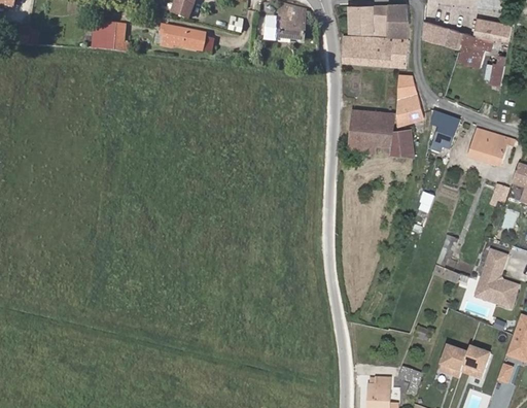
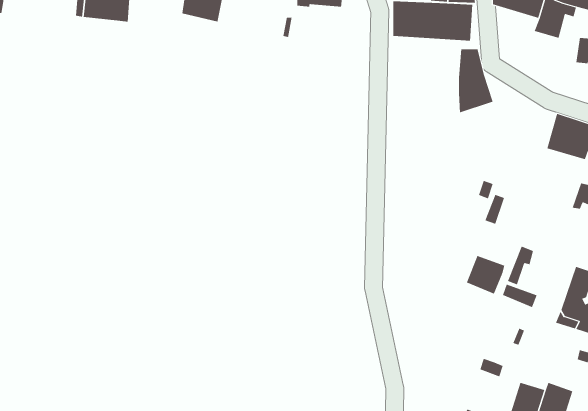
building: [348,108,413,156] -> none
building: [431,109,460,146] -> none
building: none -> [466,255,505,294]

